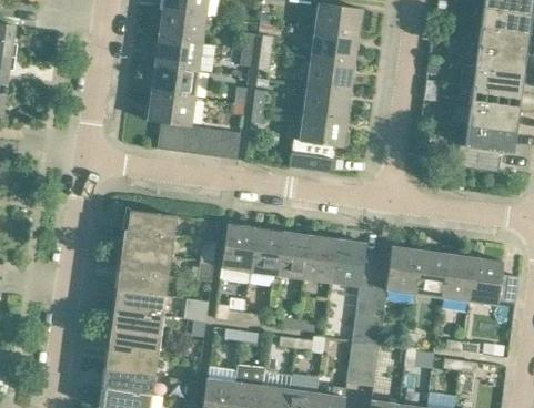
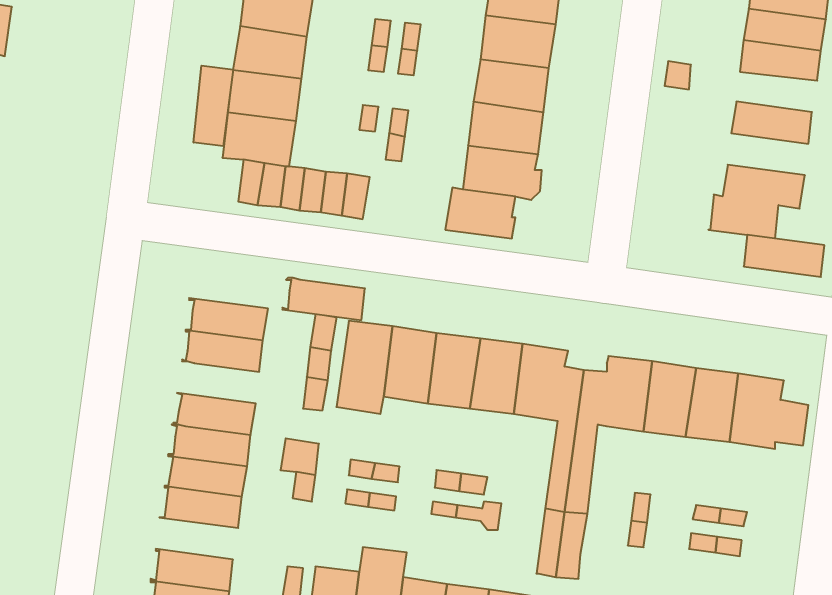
building: none -> [194,66,233,146]
building: [473,65,524,91] -> none
building: [467,104,518,131] -> [744,235,824,277]
building: [119,248,171,275] -> [282,278,365,320]
building: [105,347,158,374] -> none

